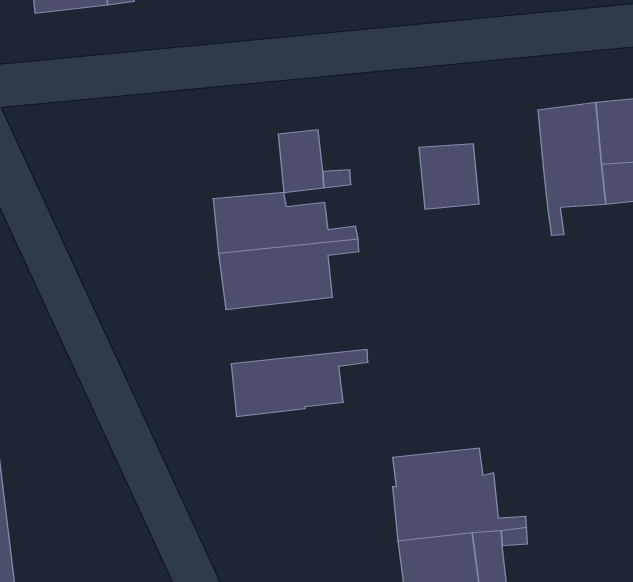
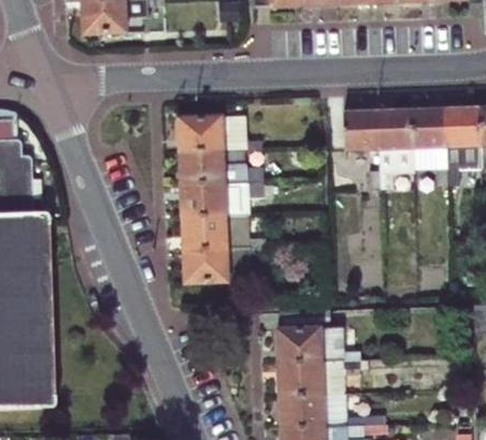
building: none -> [180,117,223,153]
building: [419,144,479,209] -> [345,113,379,150]
building: none -> [184,216,267,251]

